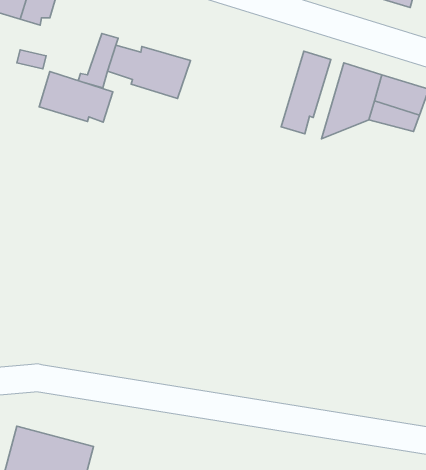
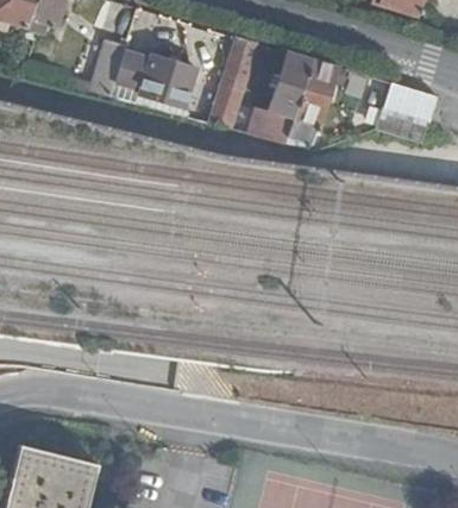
building: none -> [211,36,259,128]
building: none -> [246,51,313,143]
building: [39,72,113,122] -> none

